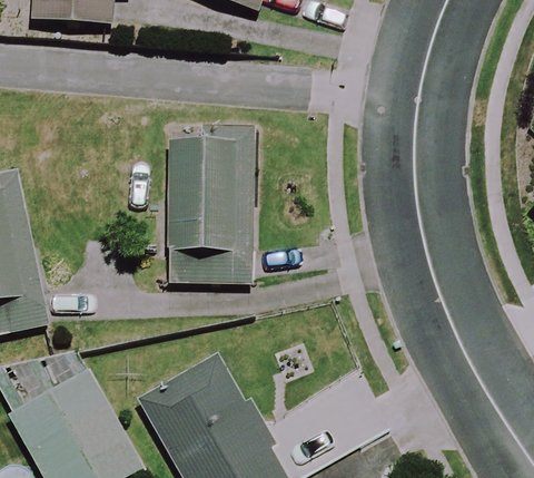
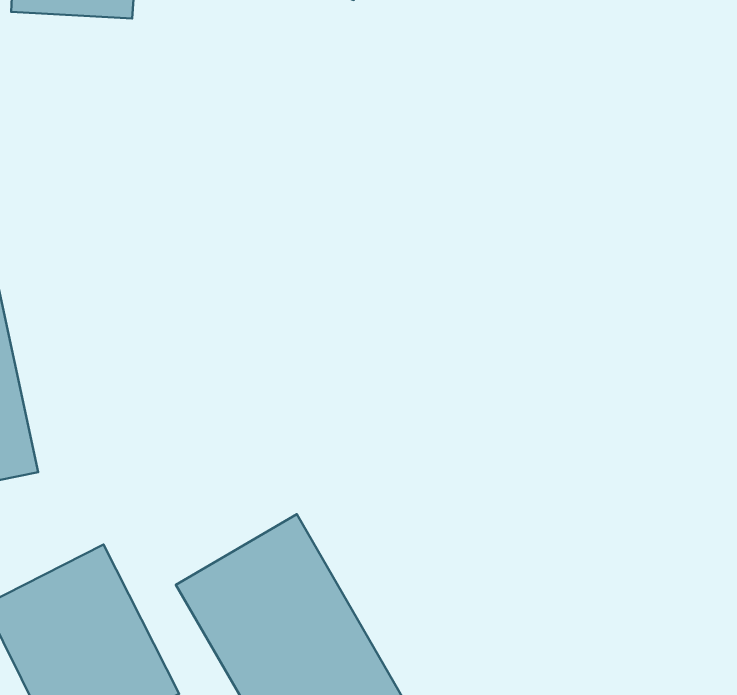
building: [167,143,258,283] -> none

